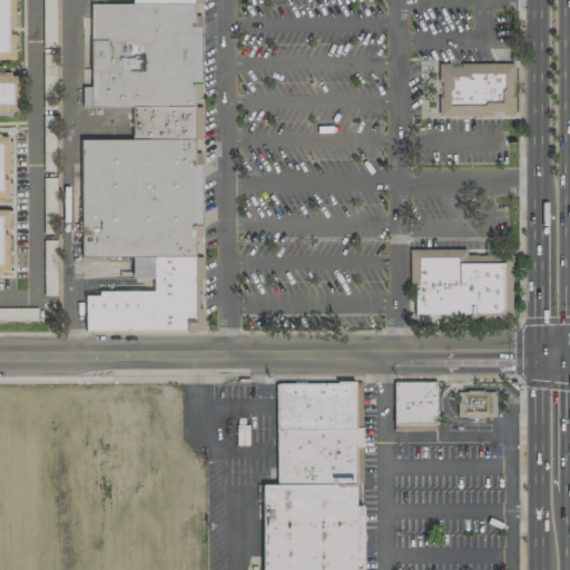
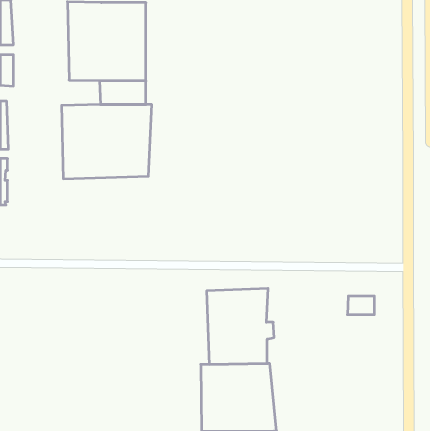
building: [440,62,514,114] -> none
building: [83,233,197,331] -> none
building: [410,248,504,315] -> none
building: [397,385,440,428] -> none

